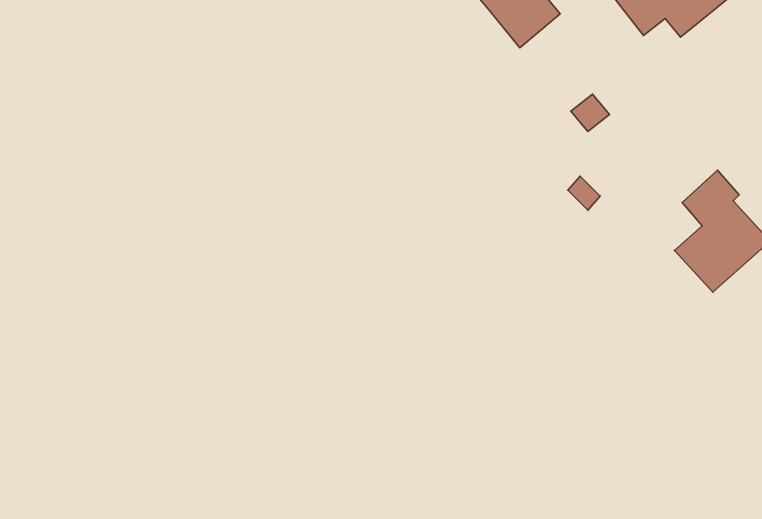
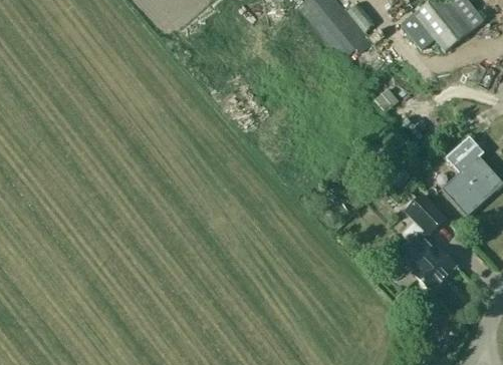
building: none -> [399,193,455,291]

